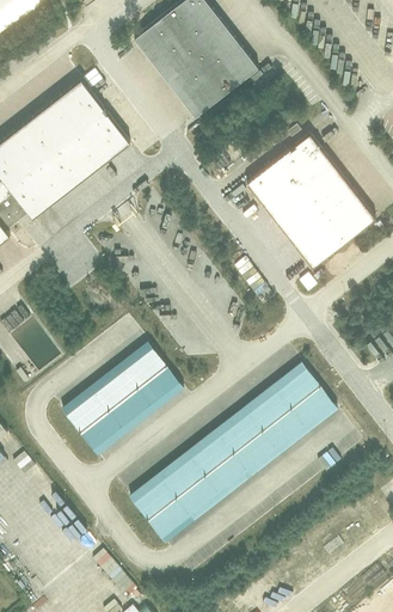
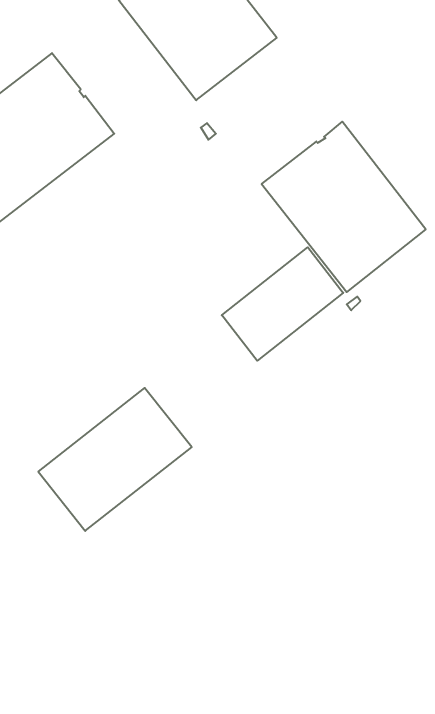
building: none -> [222,247,343,361]
building: [134,361,342,541] -> none

